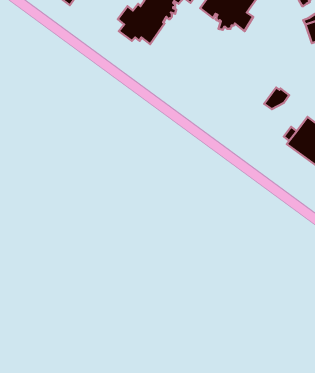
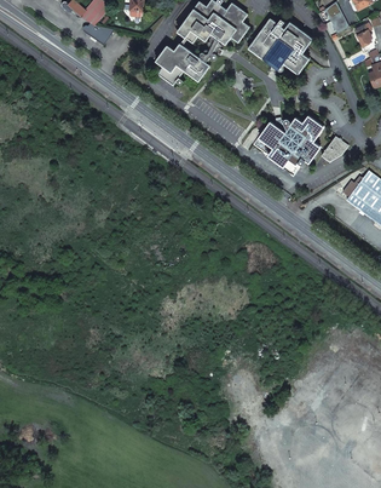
building: none -> [254,116,323,172]

